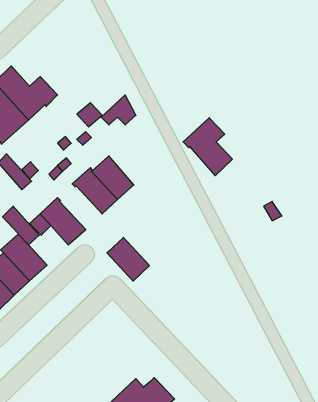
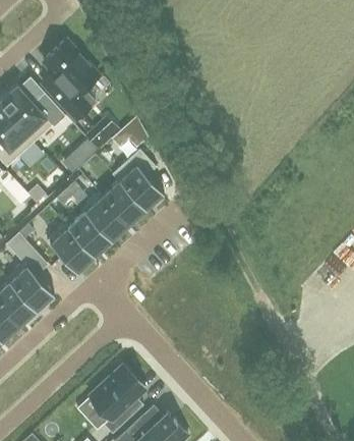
building: none -> [42,41,99,121]
building: [183,118,232,176] -> [112,150,164,211]
building: [107,237,149,281] -> [67,212,112,258]
building: none -> [90,366,144,435]

